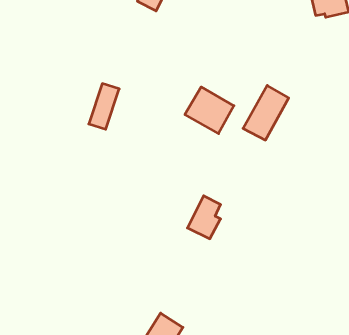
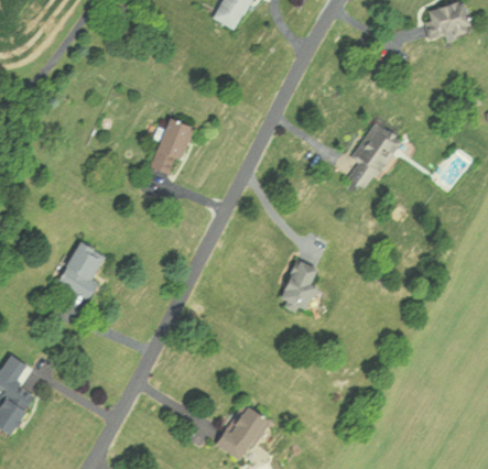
building: [185,87,234,134] -> none
building: none -> [56,242,106,299]

